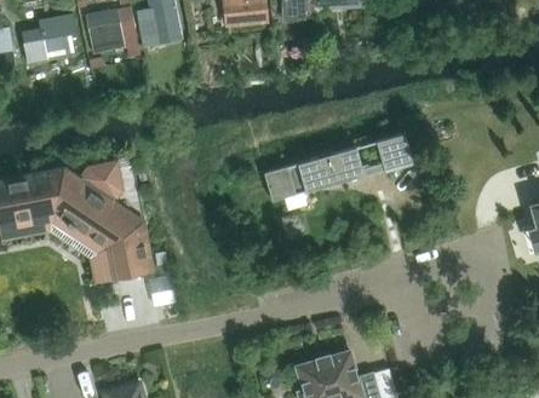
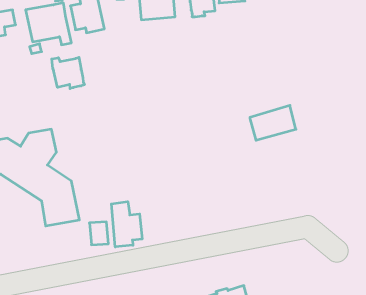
building: none -> [52,57,84,89]
building: [264,146,363,201] -> none
building: none -> [111,202,142,247]

